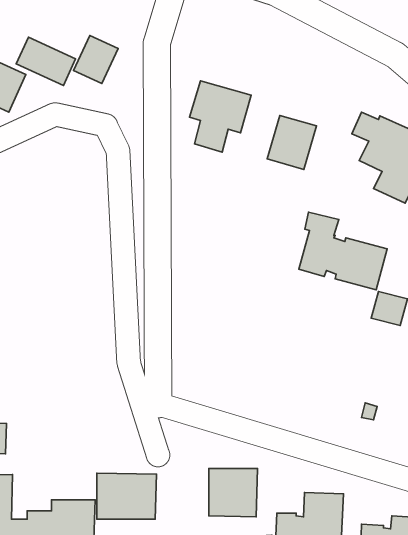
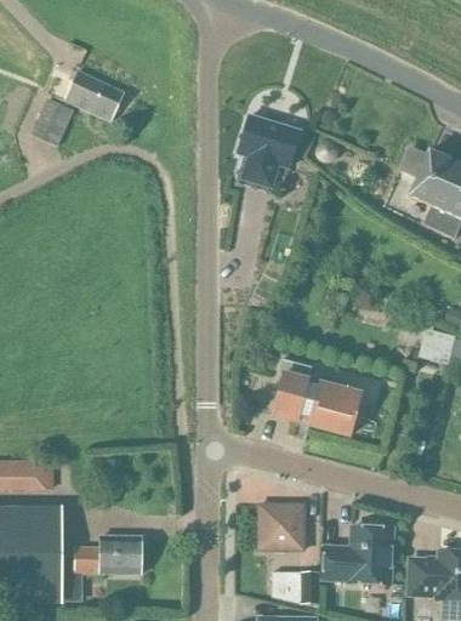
building: [74,35,118,83] -> none
building: [267,115,316,169] -> none
building: [299,212,387,290] -> [272,358,360,435]
building: [97,473,157,519] -> none

